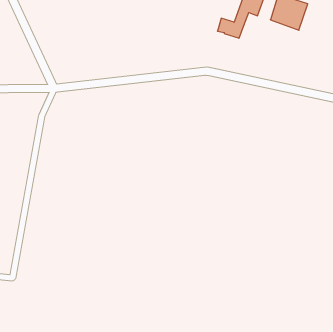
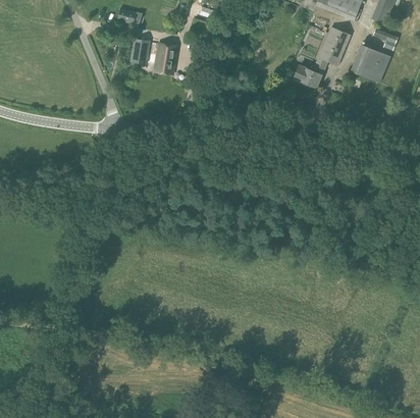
building: none -> [129,39,149,64]
building: none -> [154,44,176,73]

